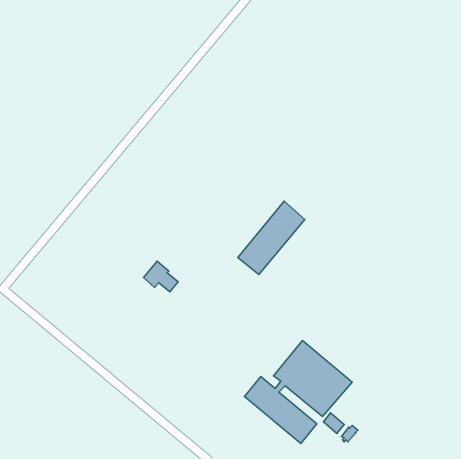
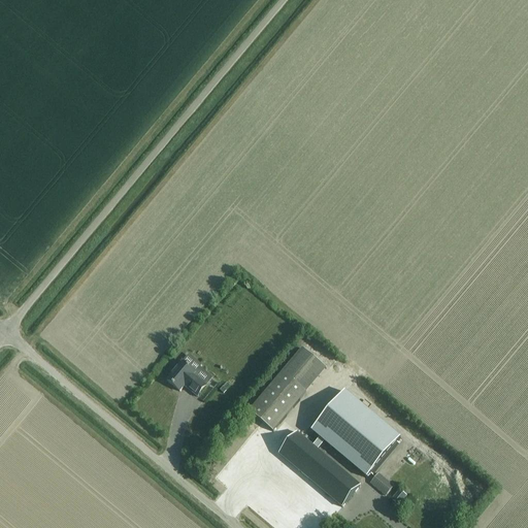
building: [238,201,305,275] -> [248,345,324,429]
building: [144,261,178,292] -> [165,359,204,394]

